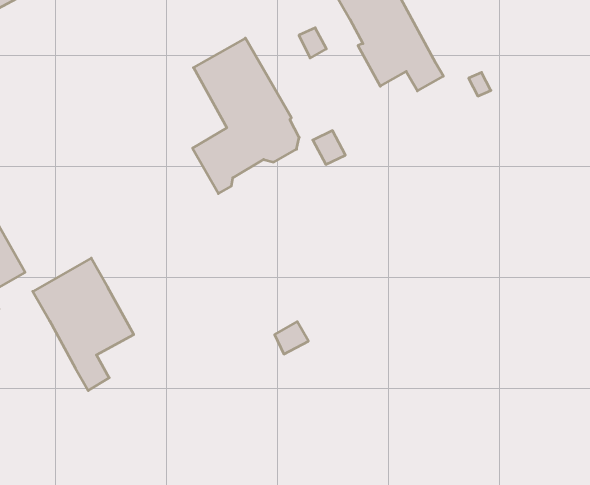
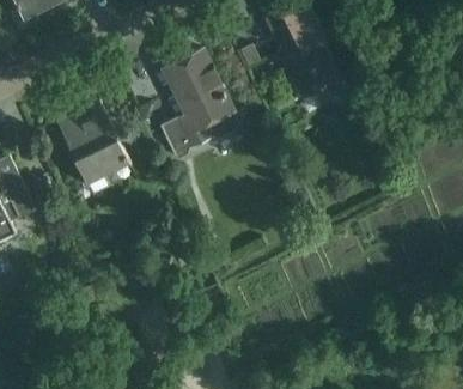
building: [33,258,134,391] -> [55,98,126,193]

